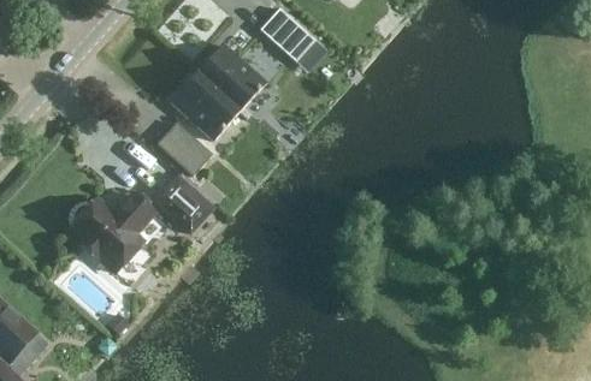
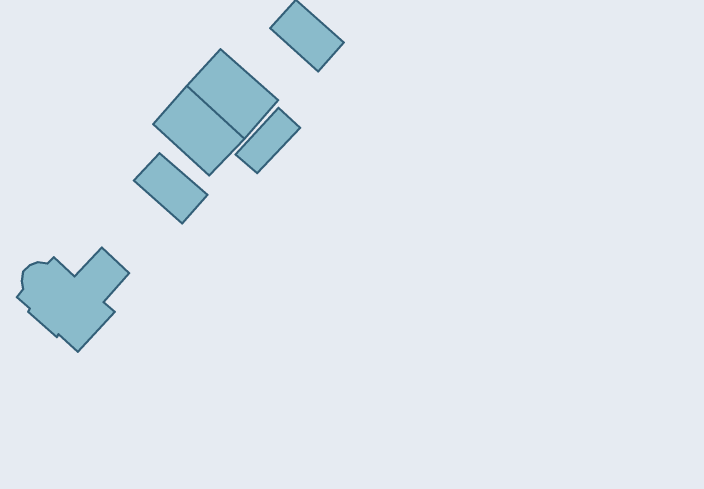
building: none -> [236,108,300,173]
building: [154,175,212,232] -> none

